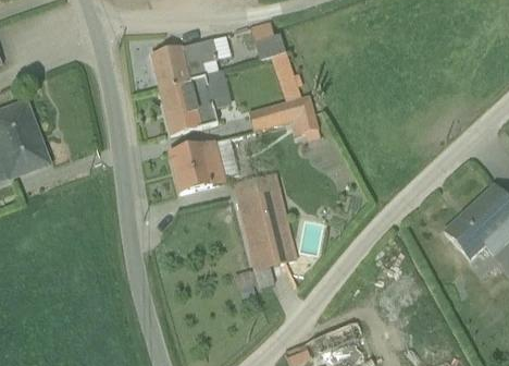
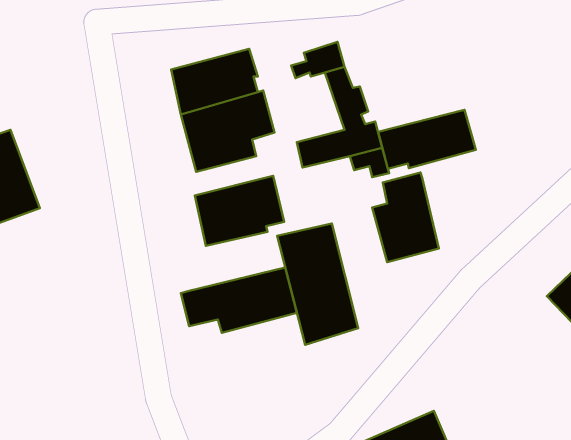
building: none -> [378,110,476,169]
building: none -> [372,173,439,262]
building: none -> [181,267,297,333]

